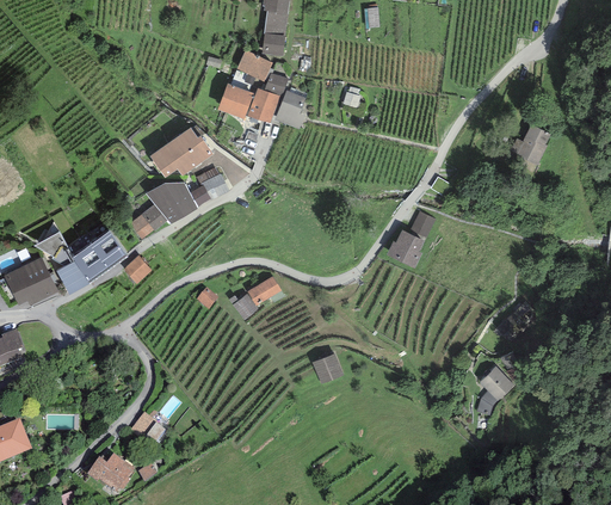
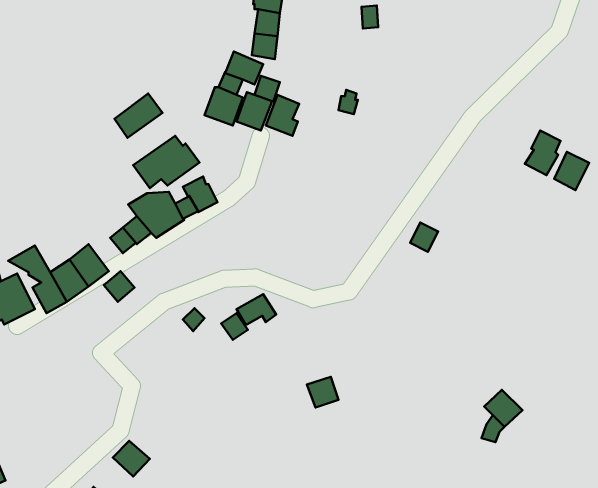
building: none -> [115,93,162,138]
building: none -> [554,152,589,190]
building: [385,228,424,267] -> none

